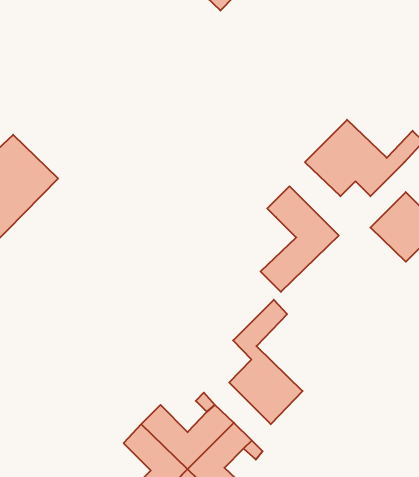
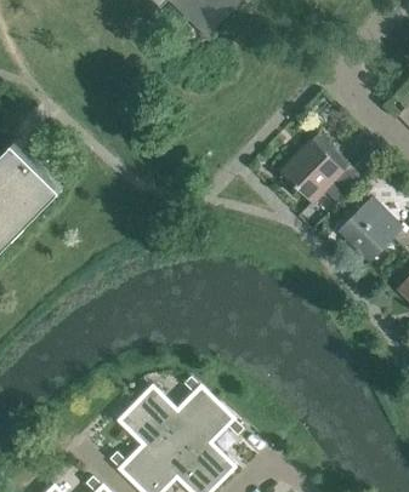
building: [261,186,339,292] -> none
building: [229,300,303,424] -> none

